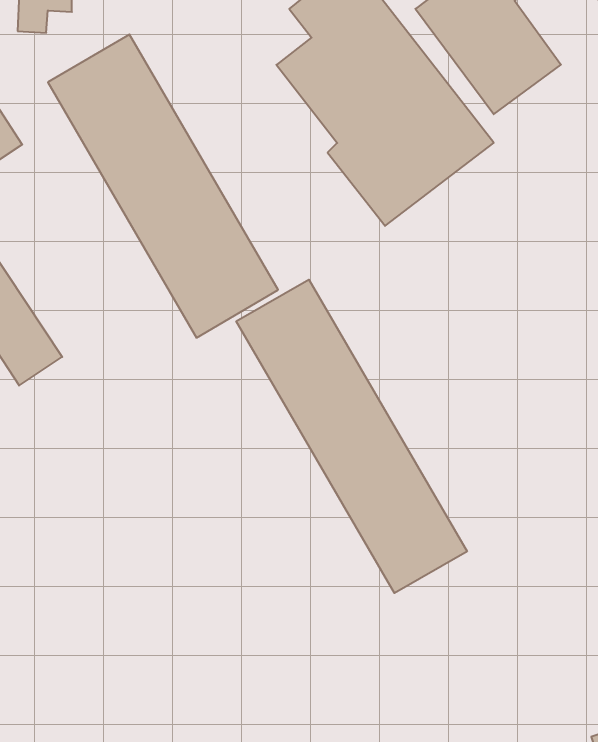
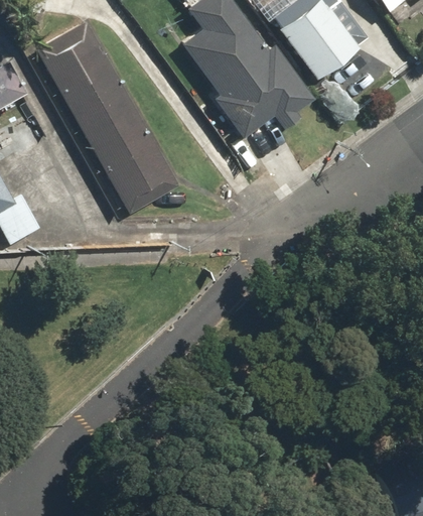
building: [236,280,467,593] -> none

